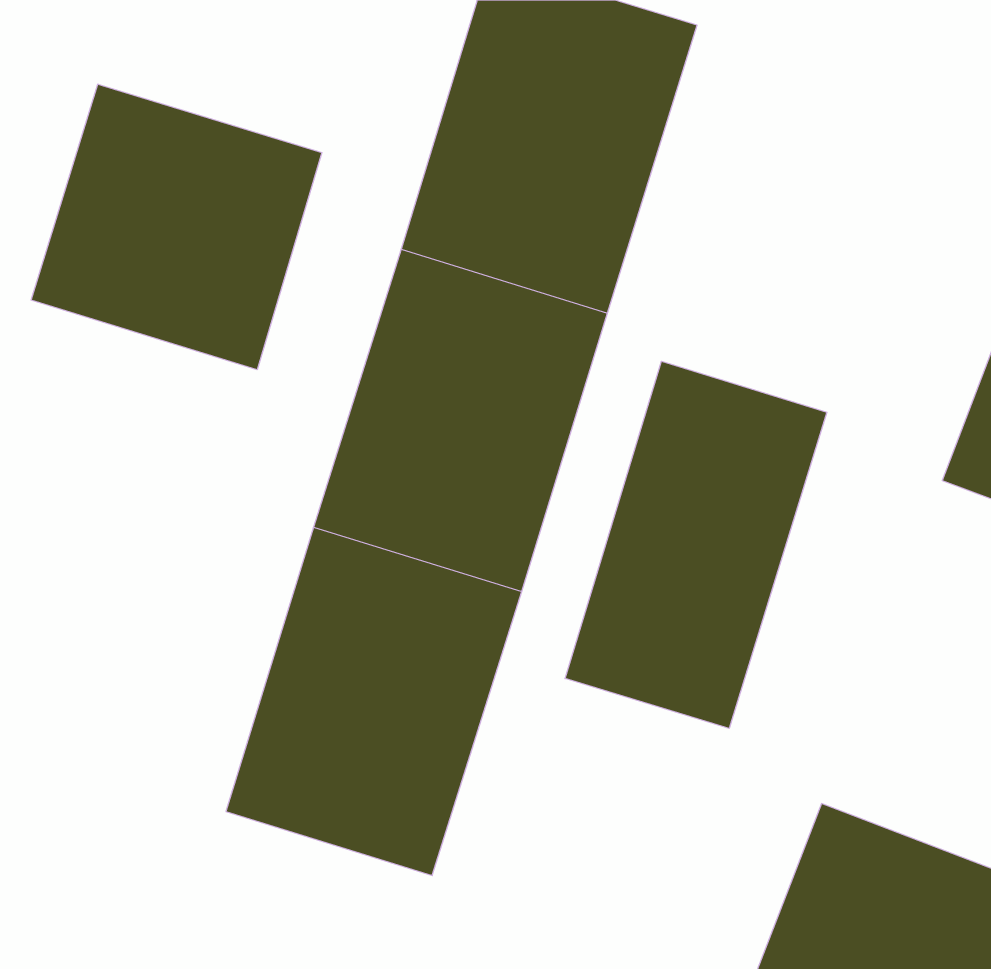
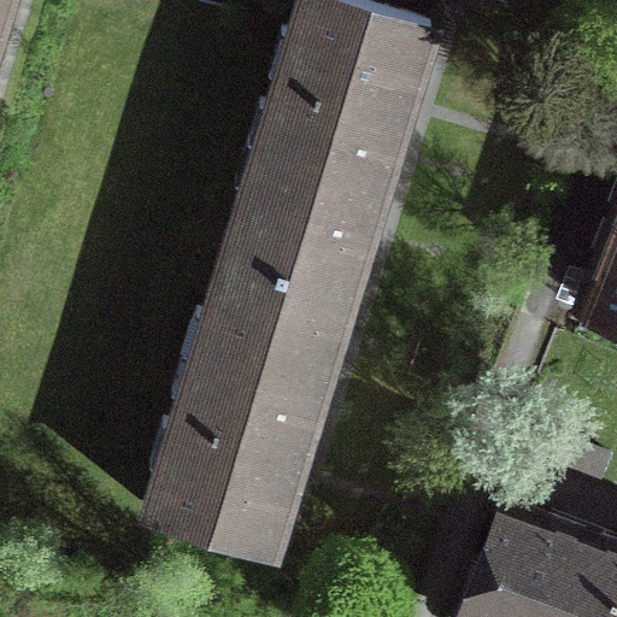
building: [31,84,322,370] -> none
building: [565,361,827,728] -> none

